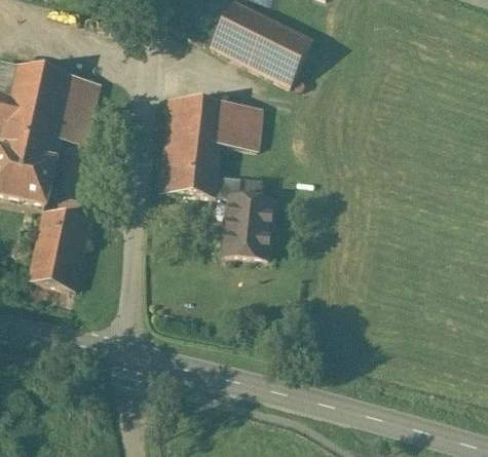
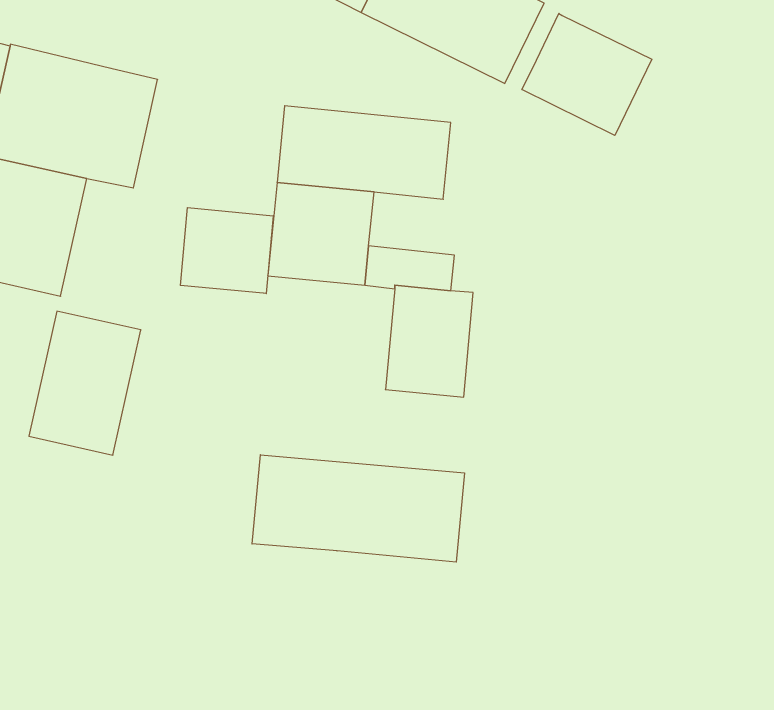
building: none -> [522,13,652,135]
building: none -> [180,208,273,294]
building: none -> [252,455,464,562]

